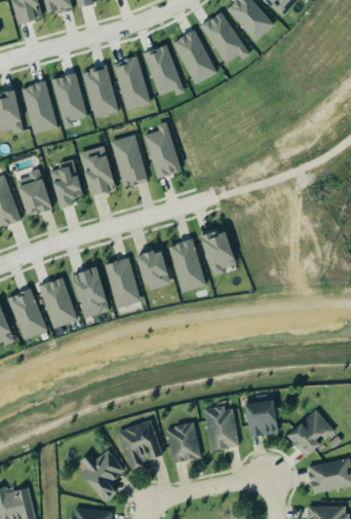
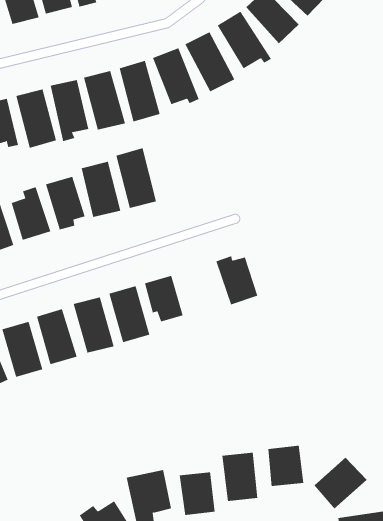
building: [143,121,182,179] -> none
building: [167,238,206,292] -> none

